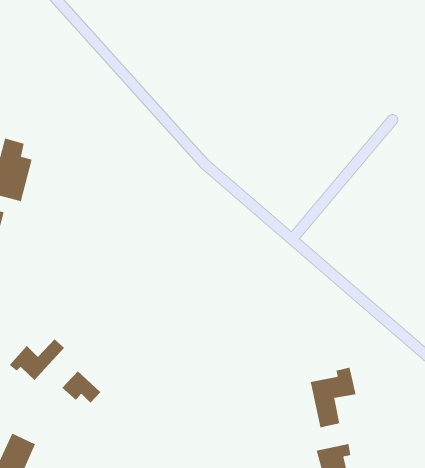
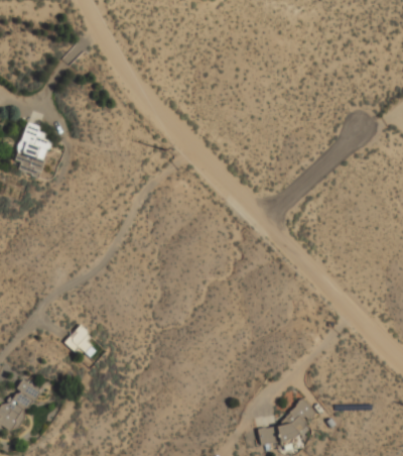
building: [9,338,65,381] -> none
building: [310,367,356,428] -> none

